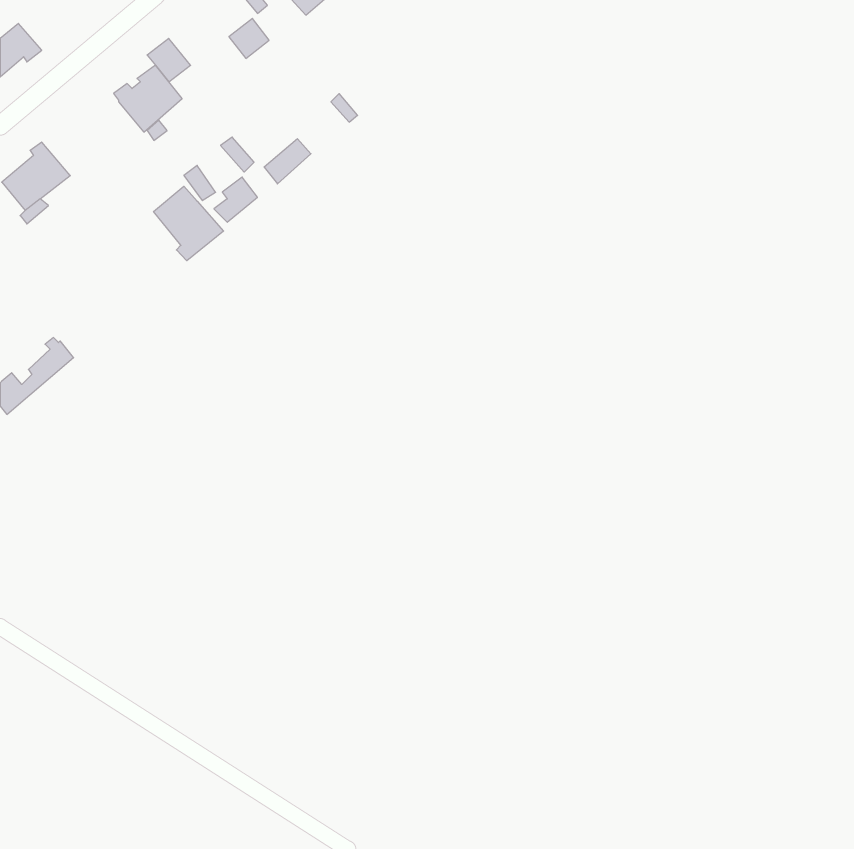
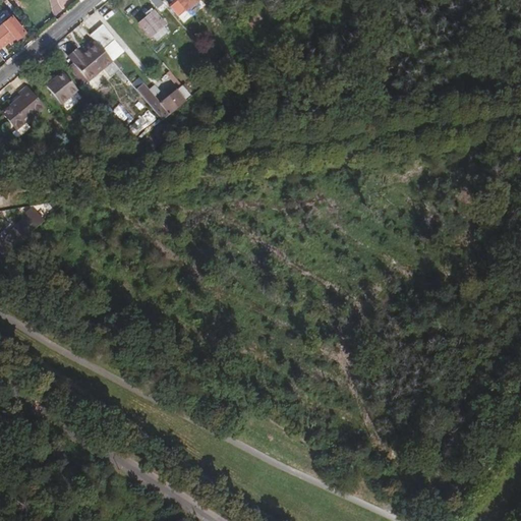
building: none -> [46,72,76,104]
building: [154,186,224,261] -> none

